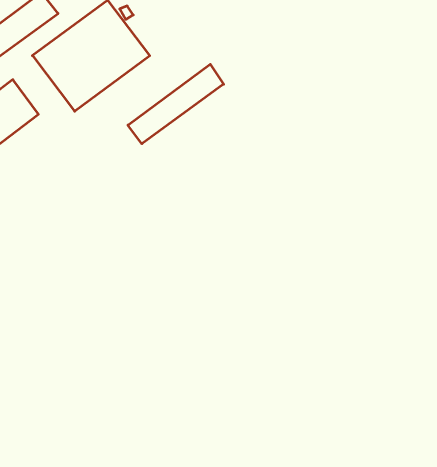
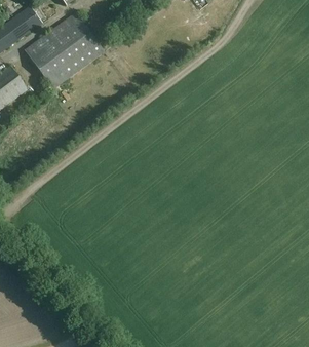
building: [128,64,224,144] -> none

